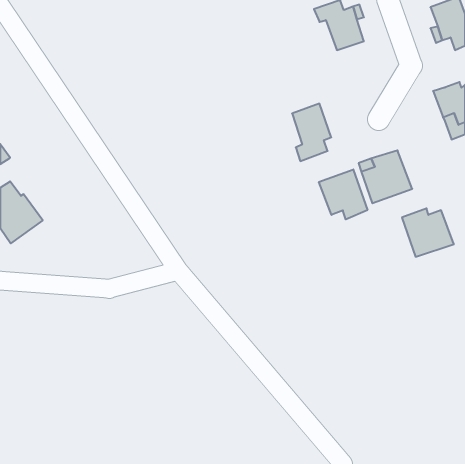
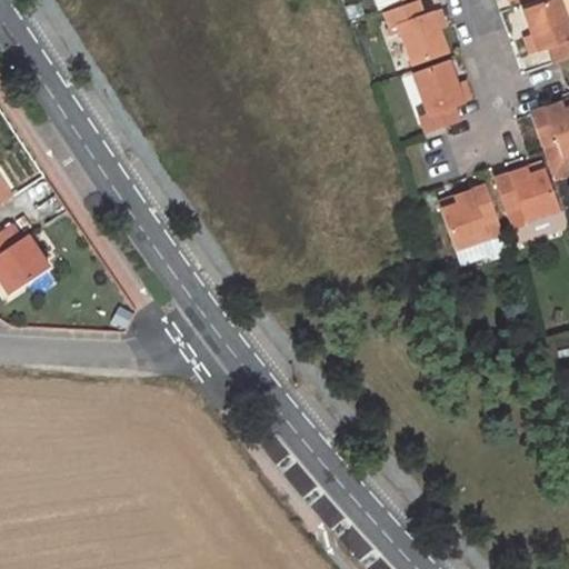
building: [292,104,331,161] -> [413,60,461,130]
building: [319,169,367,219] -> none
building: [402,208,454,257] -> [495,168,558,227]

